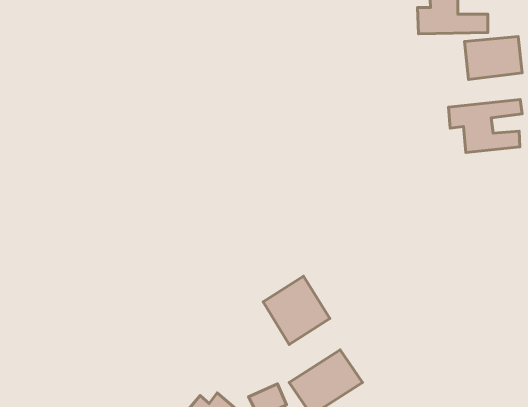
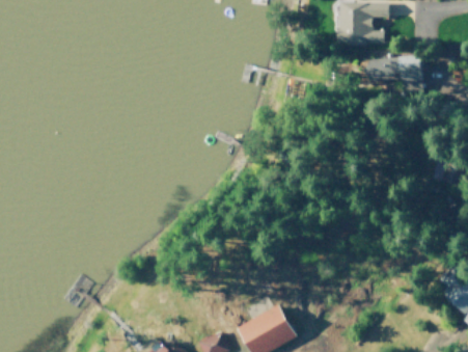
building: [449,99,522,153] -> none
building: [263,276,330,344] -> none

